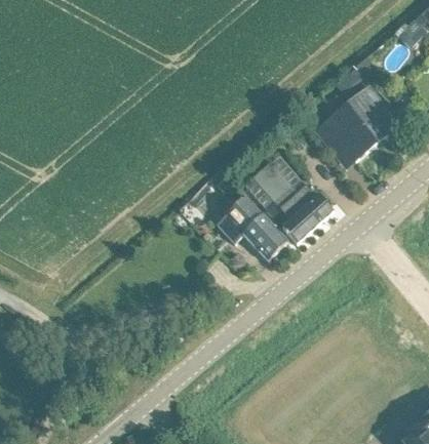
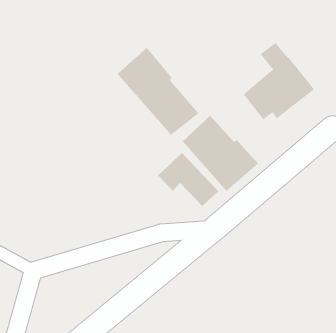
building: none -> [117,47,199,136]

